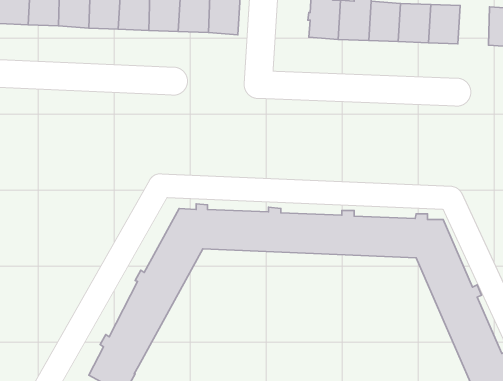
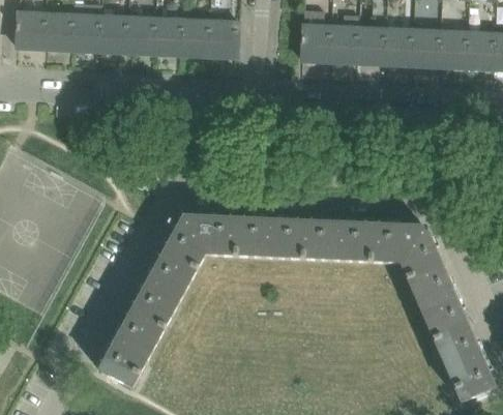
building: none -> [438,30,467,66]

